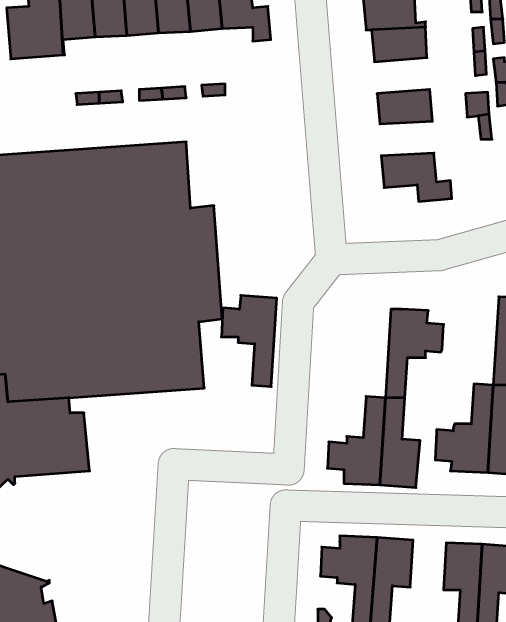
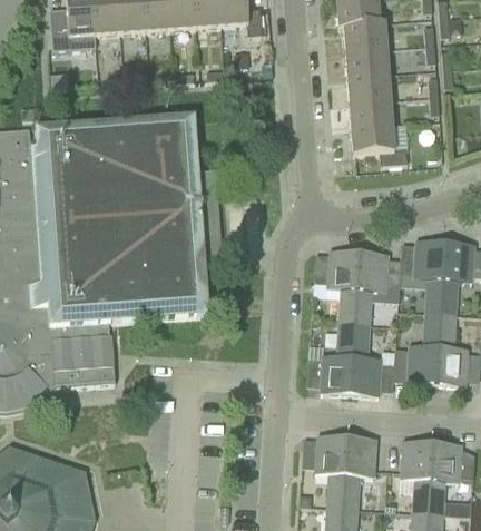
building: none -> [345,49,390,78]
building: none -> [350,100,393,128]
building: none -> [400,239,445,313]
building: [221,295,277,387] -> [314,249,359,323]

